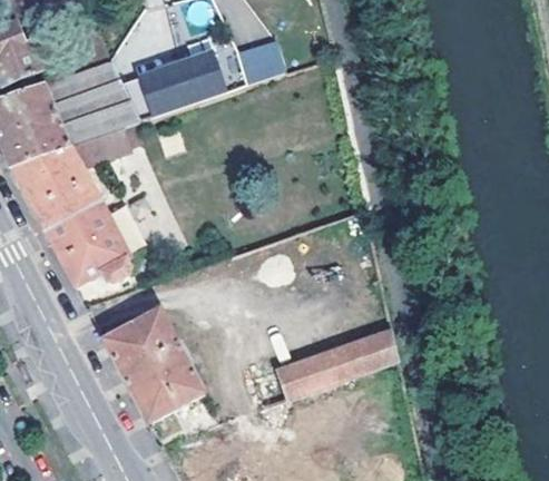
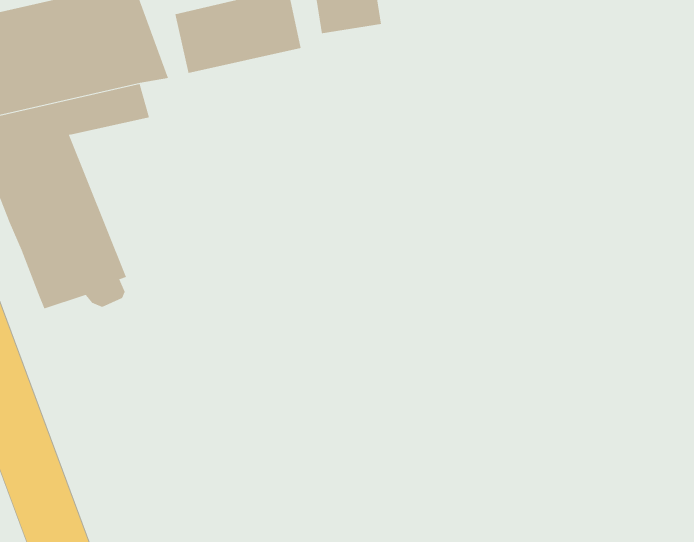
building: [102,307,205,422] -> none
building: [256,328,398,405] -> none

